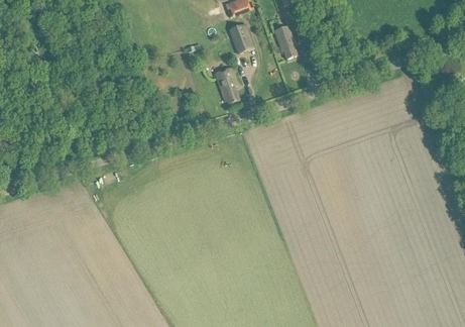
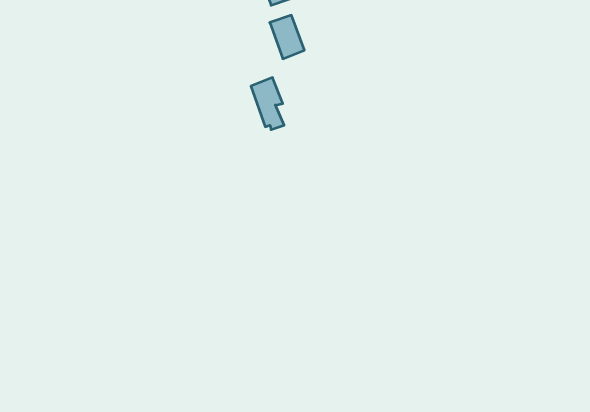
building: [274,24,299,58] -> none

